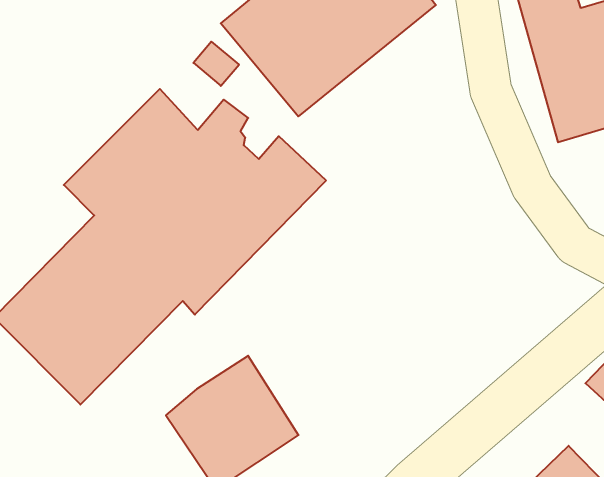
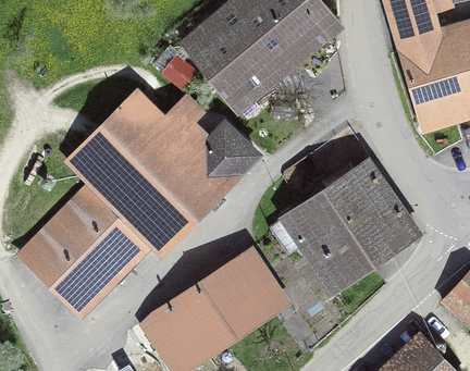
building: none -> [269,160,419,293]
building: none -> [201,248,286,336]

